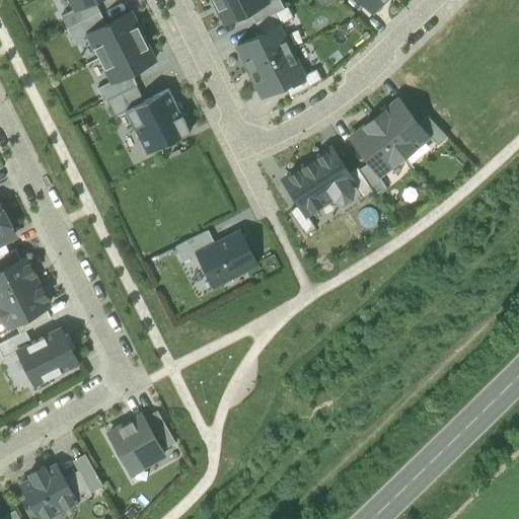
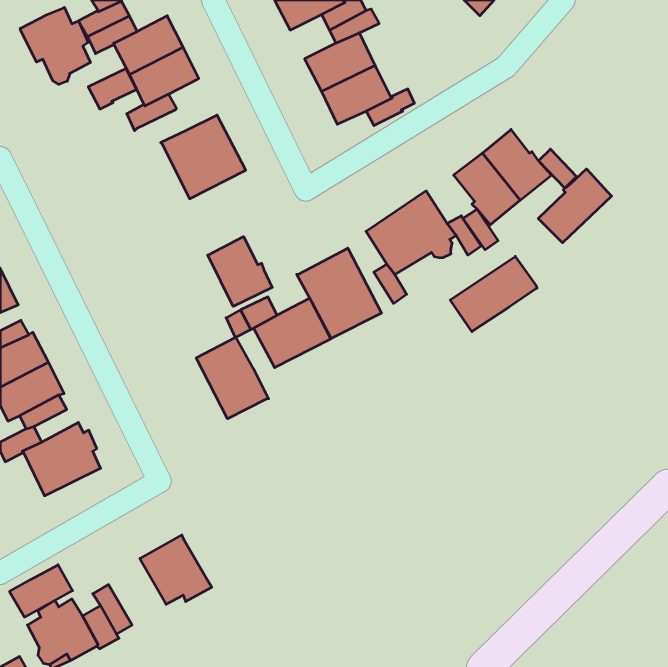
building: none -> [20,7,90,84]
building: [106,86,144,118] -> [88,69,137,109]
building: none -> [538,169,612,243]
building: none -> [208,237,272,306]
building: none -> [297,248,381,339]
building: none -> [450,256,537,332]
building: none -> [196,337,269,419]
building: [143,412,175,451] -> none
building: none -> [10,565,73,617]

